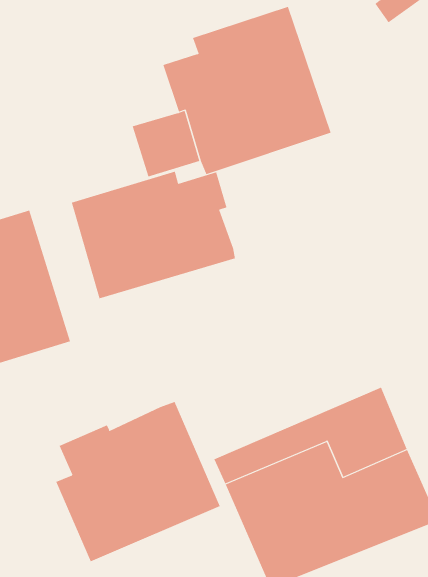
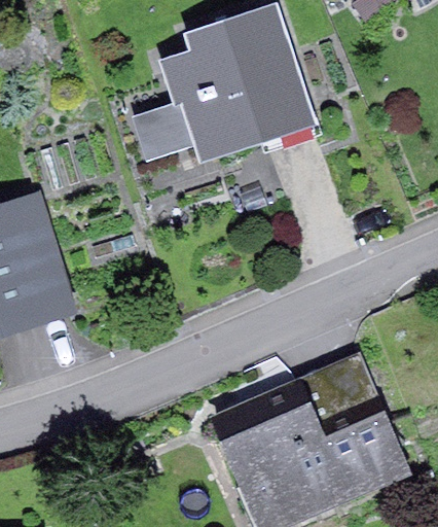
building: [71,171,236,299] -> none
building: [55,401,220,562] -> none

